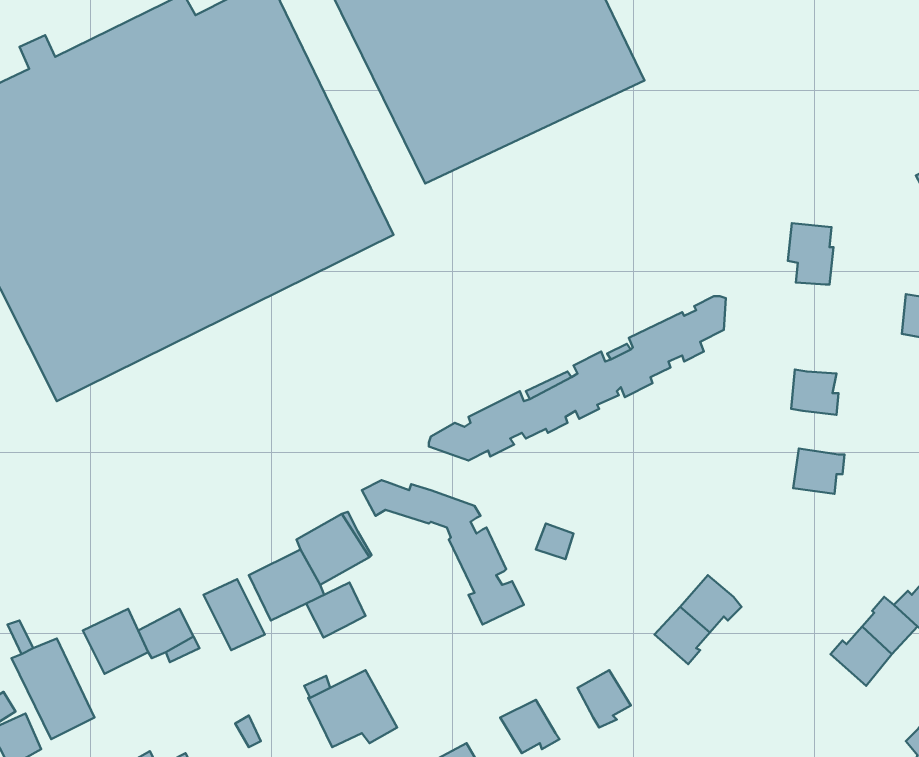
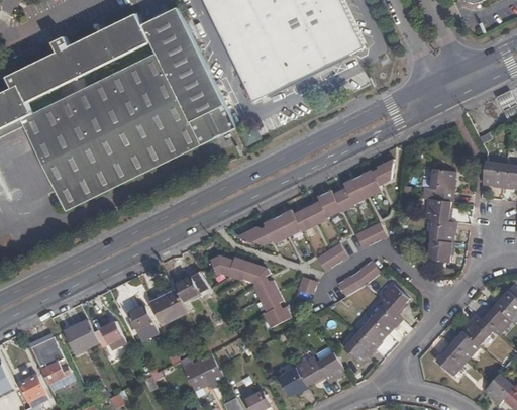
building: [788,223,833,285] -> [432,170,455,201]
building: none -> [355,220,387,246]
building: none -> [432,220,458,242]
building: none -> [320,241,347,267]
building: none -> [336,261,380,298]
building: none -> [381,285,410,315]
building: [306,583,366,638] -> none
building: none -> [345,334,376,363]
building: none -> [437,344,467,375]
building: none -> [298,356,327,385]

